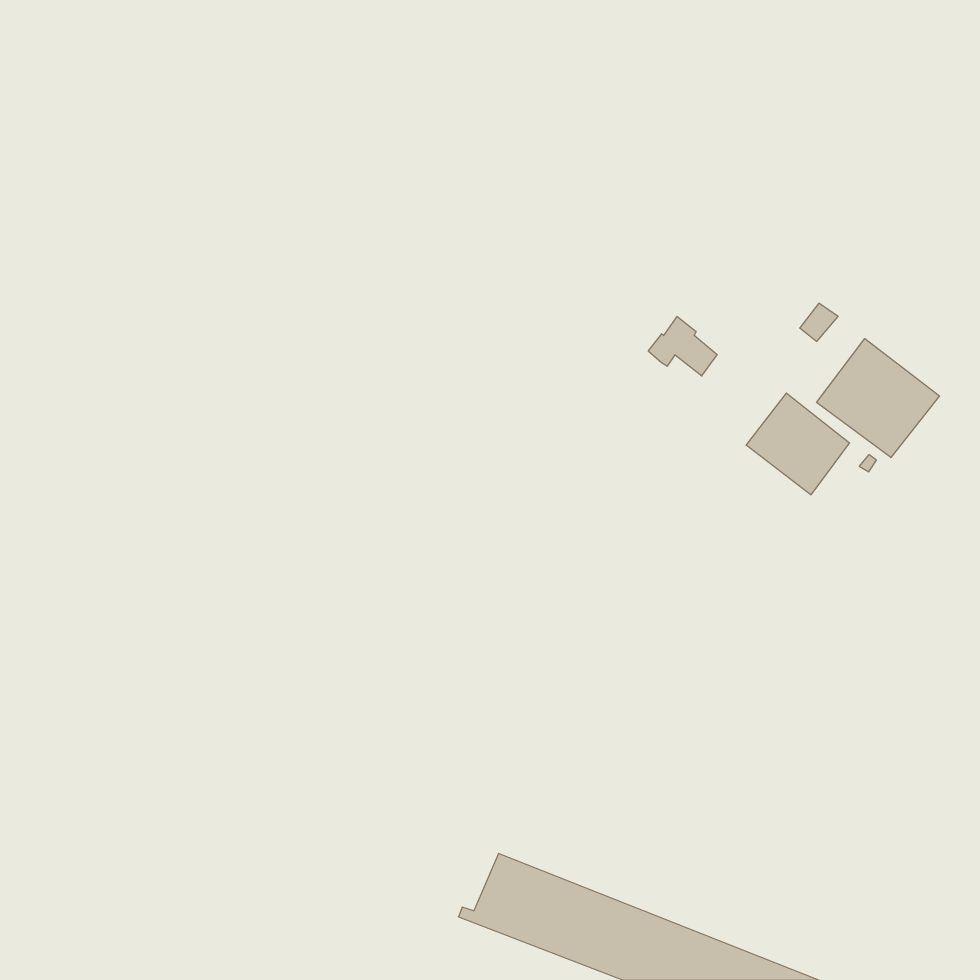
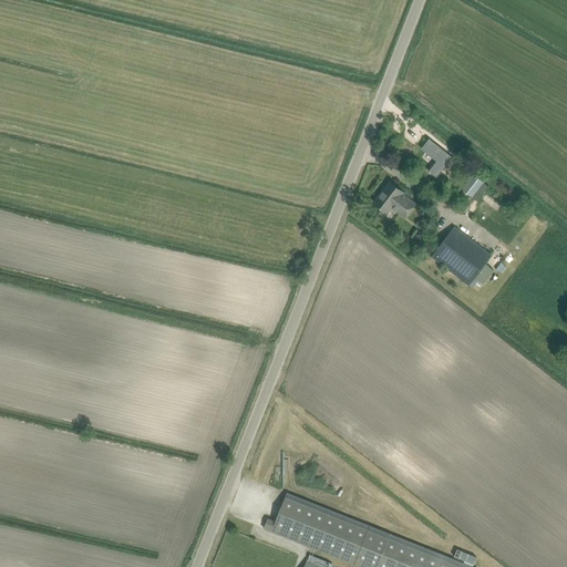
building: none -> [422,138,453,178]
building: [817,339,939,458] -> none

